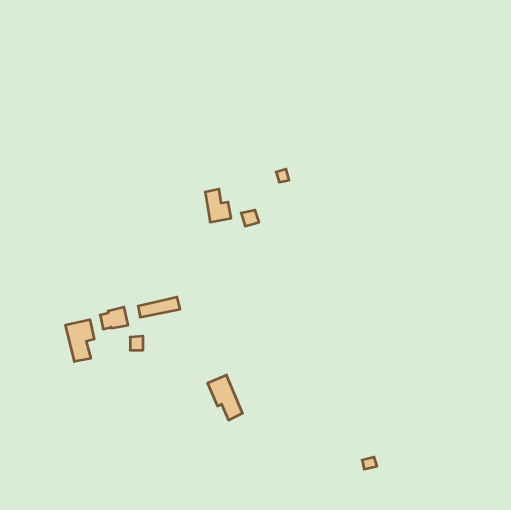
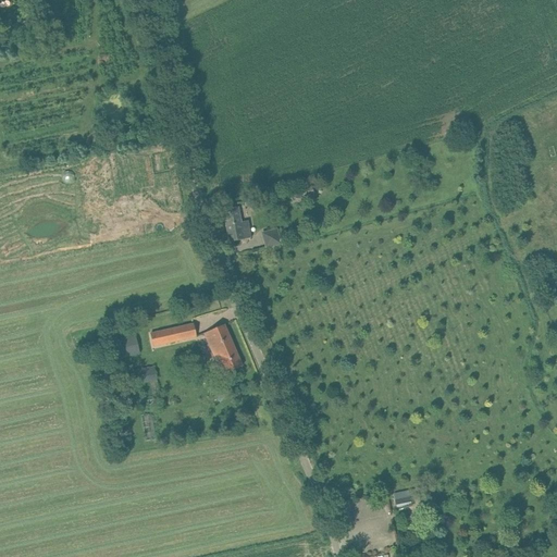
building: [66,320,94,362] -> none
building: [208,375,243,420] -> [203,323,242,372]

